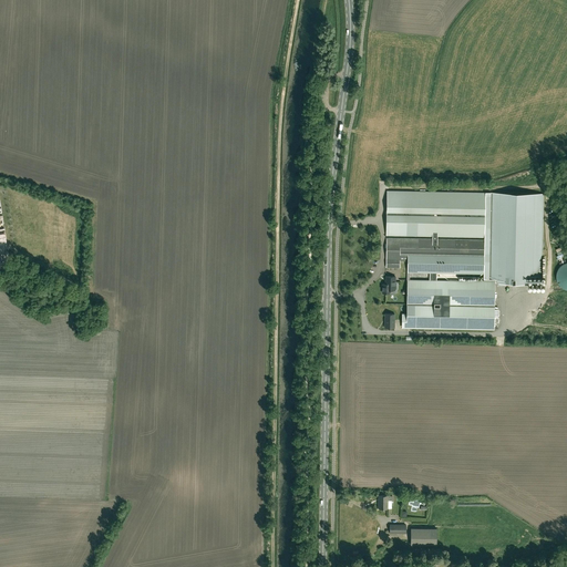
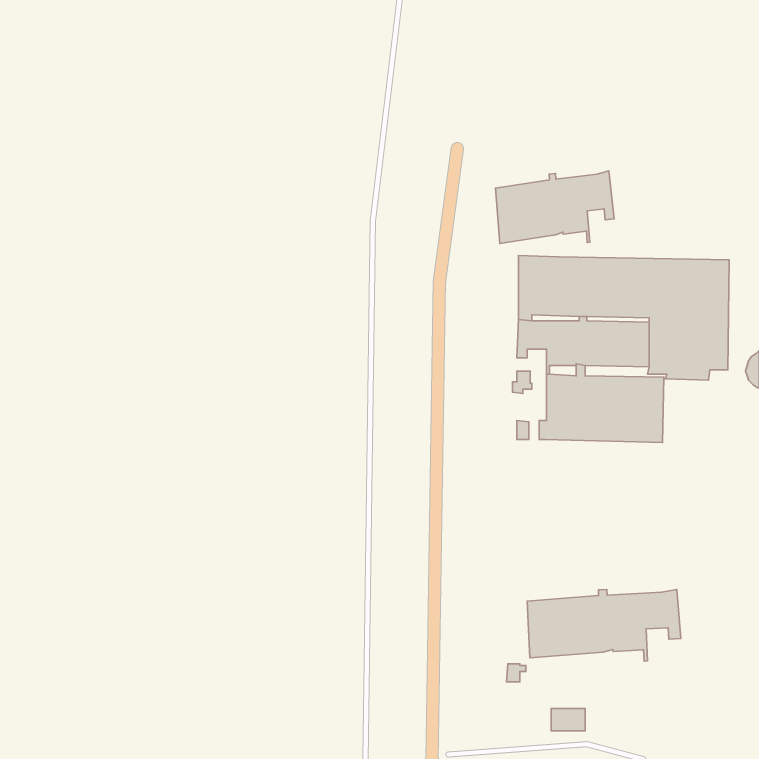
building: none -> [495,171,614,243]
building: none -> [527,589,681,661]

